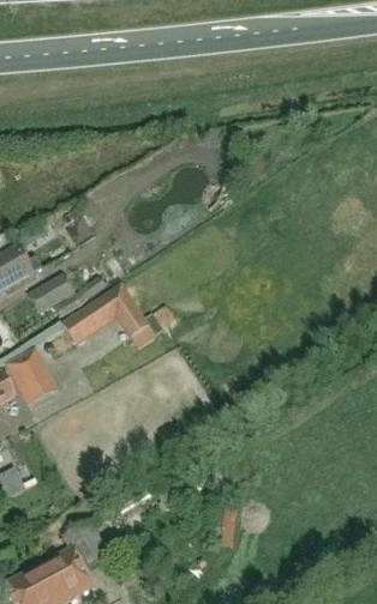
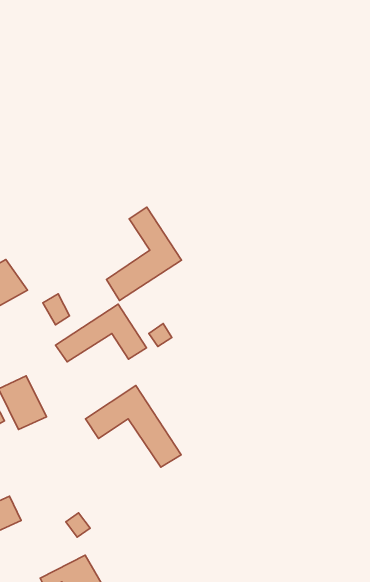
building: none -> [106,207,182,301]
building: none -> [85,386,181,467]

